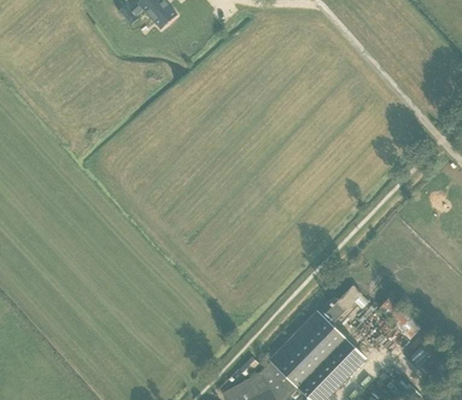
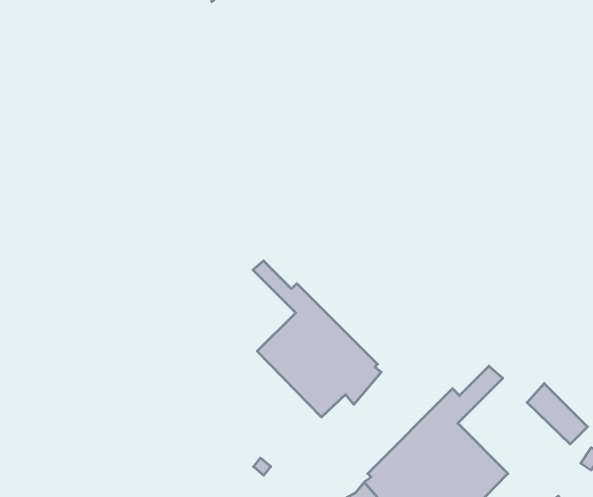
building: none -> [253,261,381,417]

